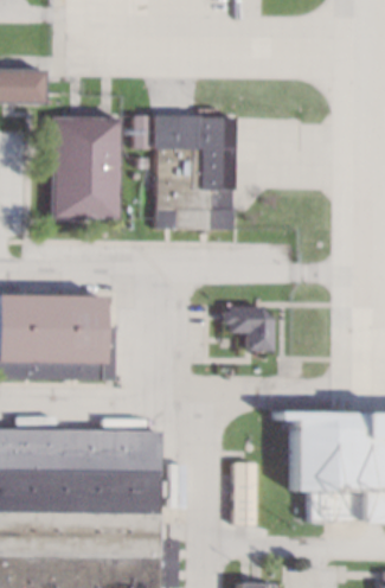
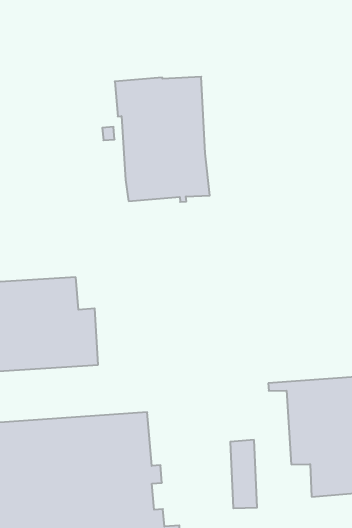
building: [134,115,153,148] -> none
building: [51,116,118,218] -> none
building: [225,305,275,352] -> none

